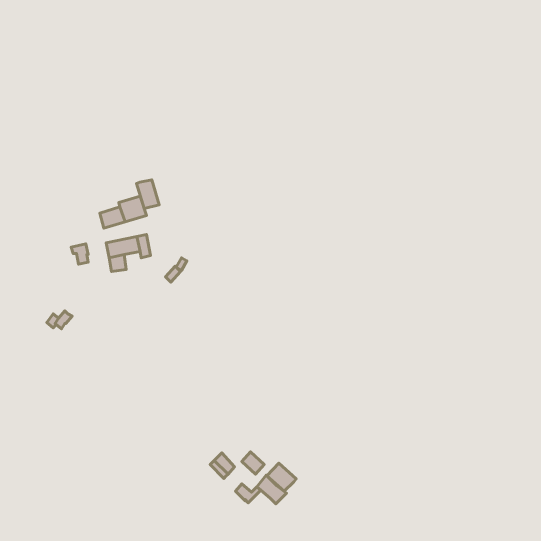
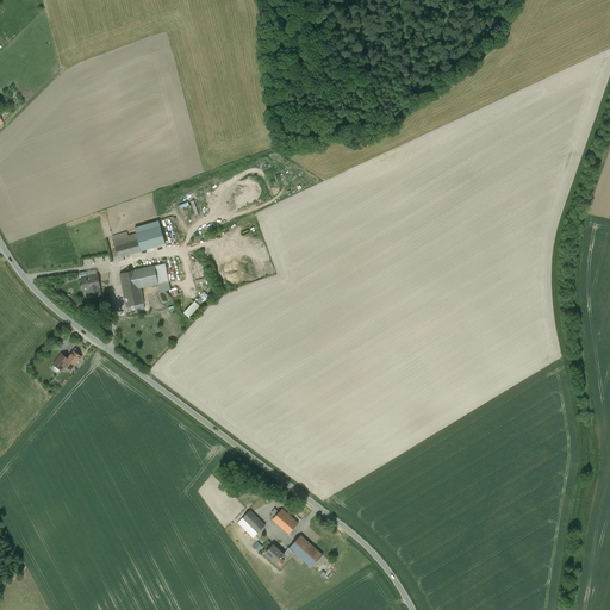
building: [137,180,159,209] -> none
building: [267,463,296,491] -> none

